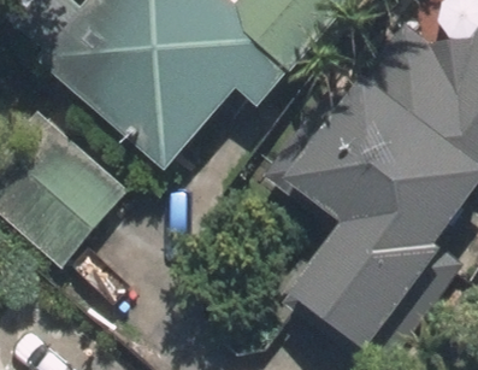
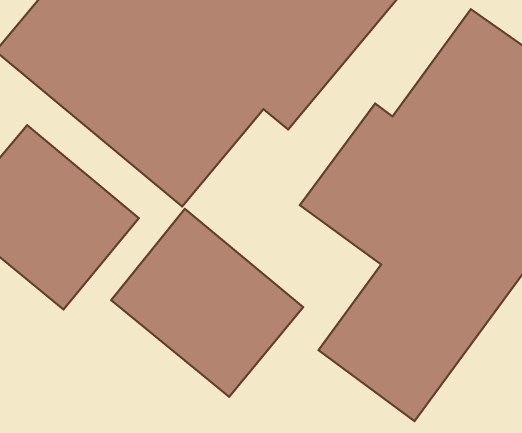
building: none -> [111,209,303,397]

